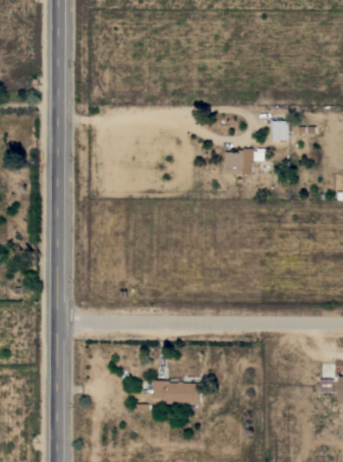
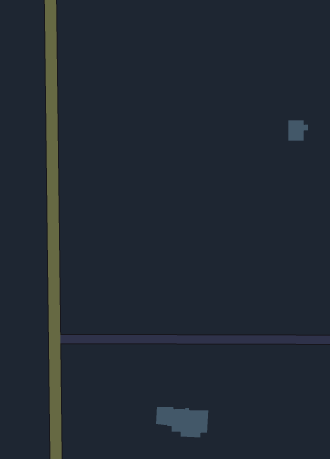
building: [222,150,261,176] -> none

